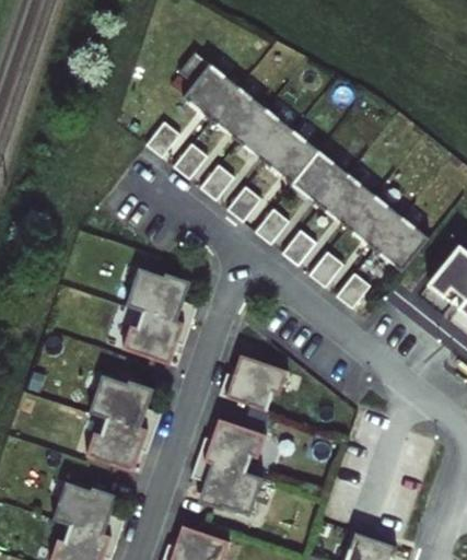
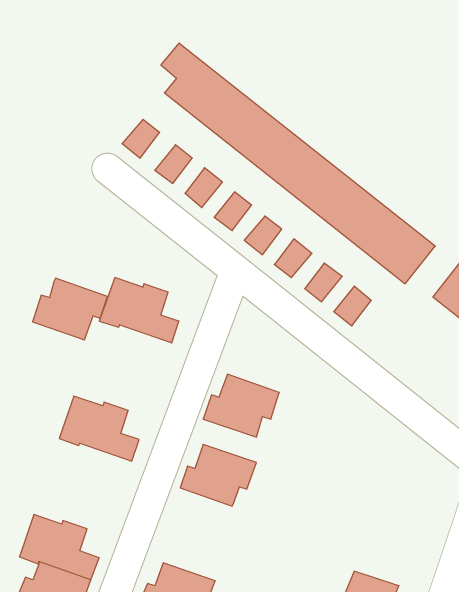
building: [122,310,190,365] -> [33,278,108,340]
building: [85,417,154,472] -> none
building: [191,457,264,516] -> none

